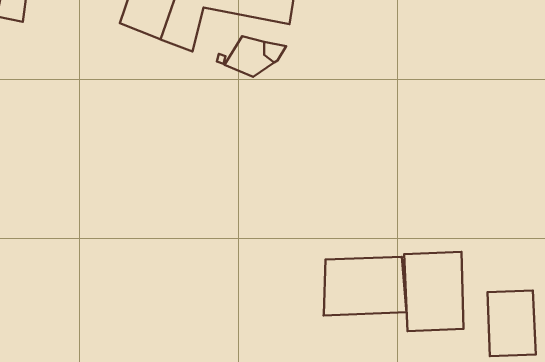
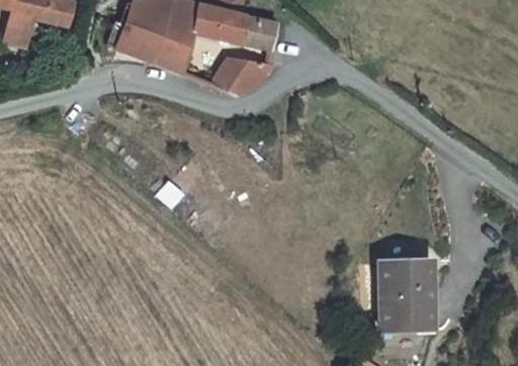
building: [324,257,407,315] -> none
building: [488,290,536,356] -> none

